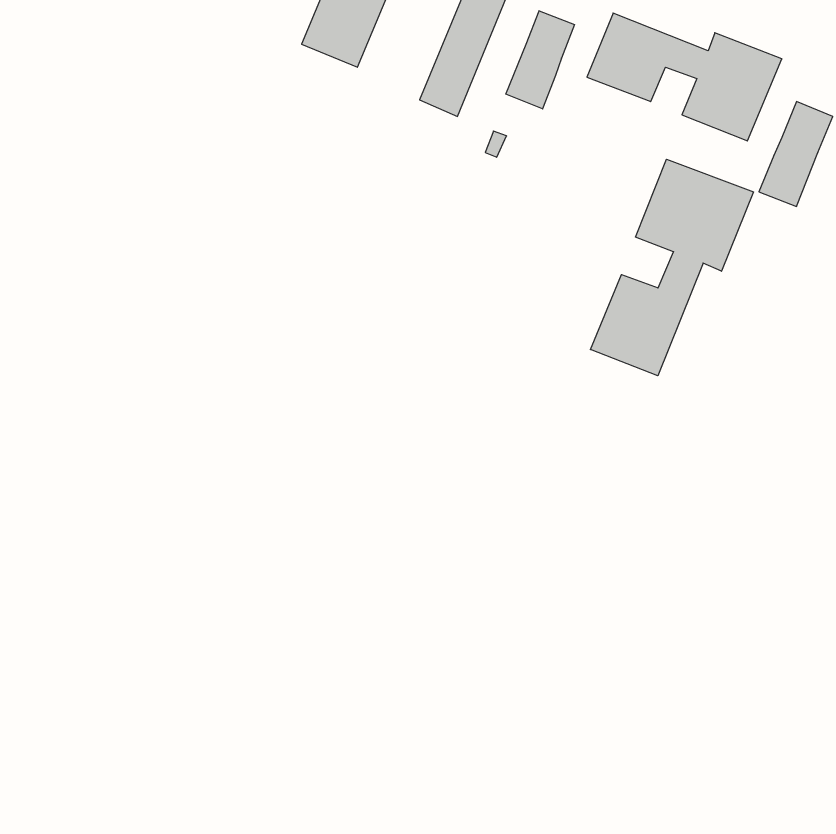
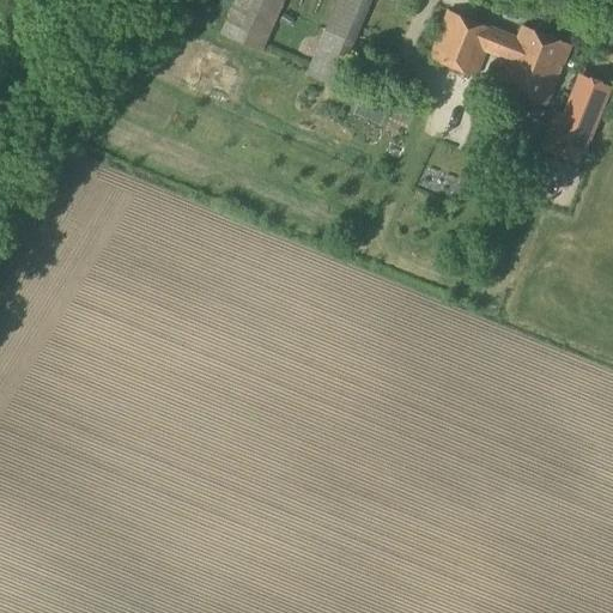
building: [506,11,574,109] -> none
building: [590,159,754,376] -> none

